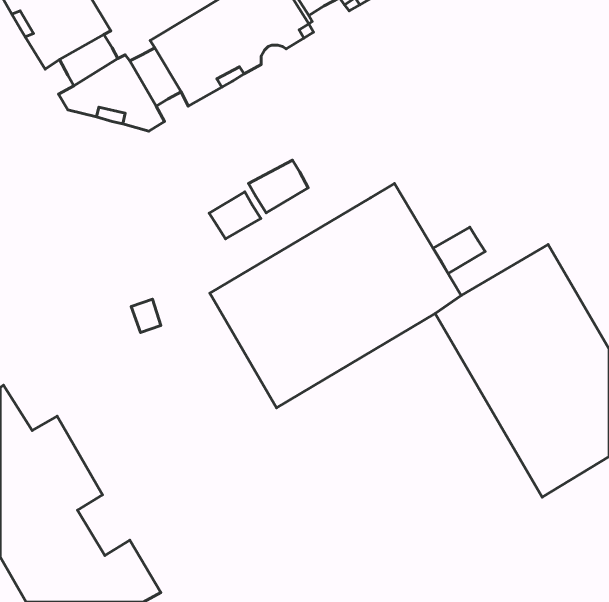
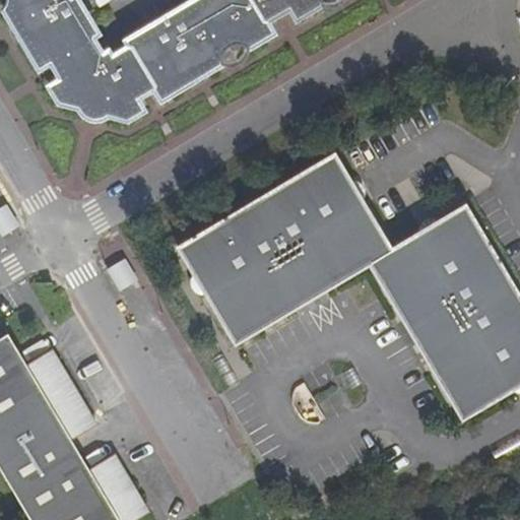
building: [248,160,308,213] -> none
building: [209,192,261,239] -> none
building: [433,227,485,273] -> none

